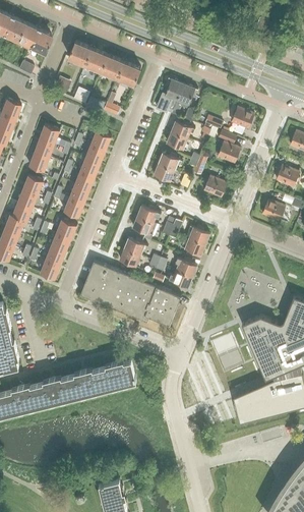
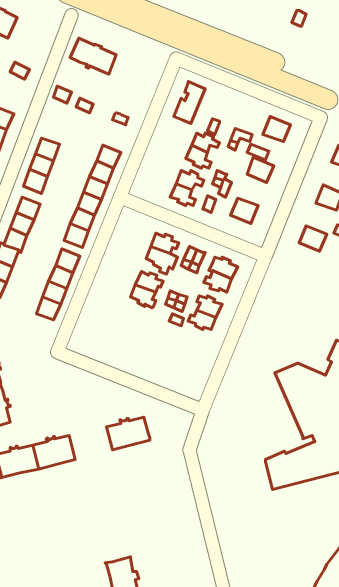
building: [16,24,52,54] -> none
building: [102,56,141,86] -> none
building: [171,84,198,117] -> none
building: [80,262,182,327] -> none
building: [68,371,105,398] -> none

